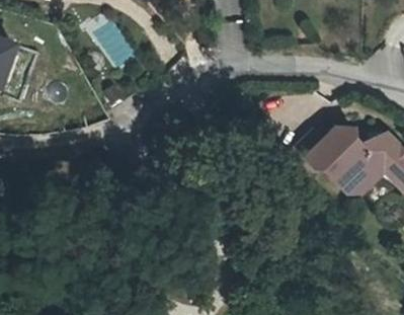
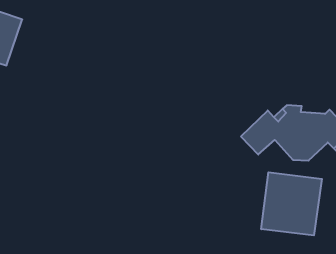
building: none -> [261,172,322,235]

